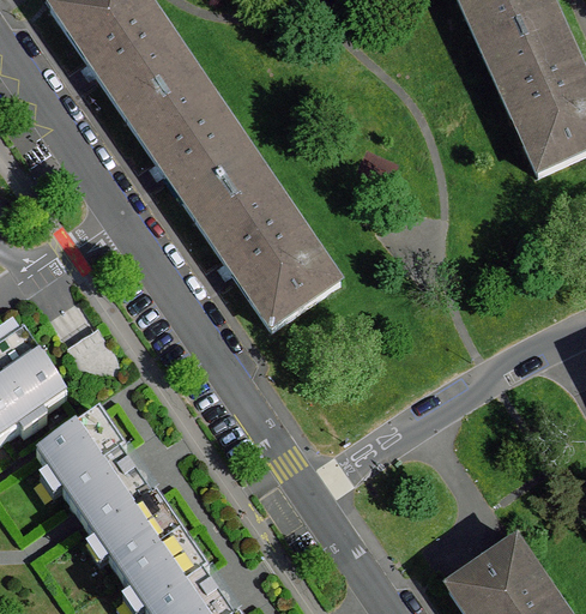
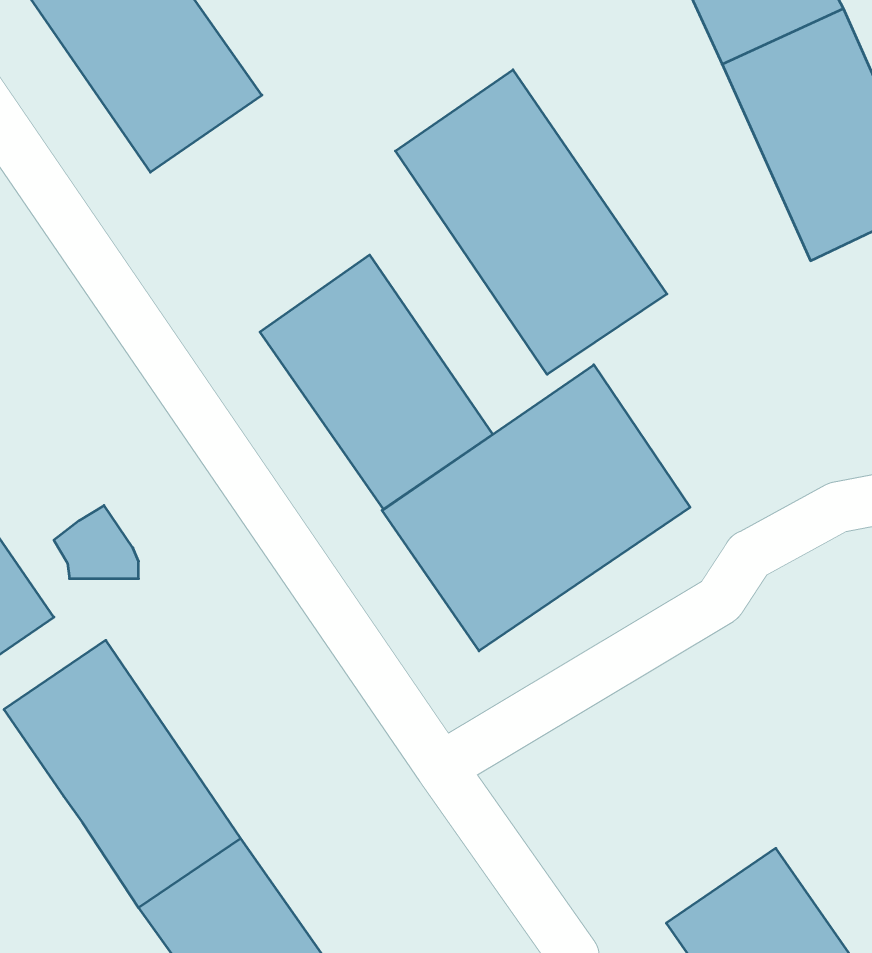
building: none -> [395,70,667,374]
building: [127,72,264,219] -> none
building: none -> [382,365,690,651]

